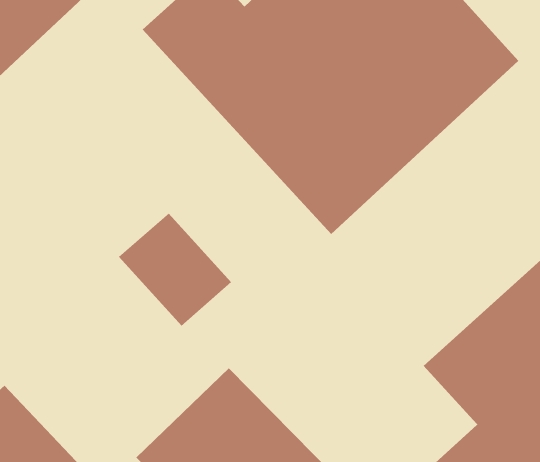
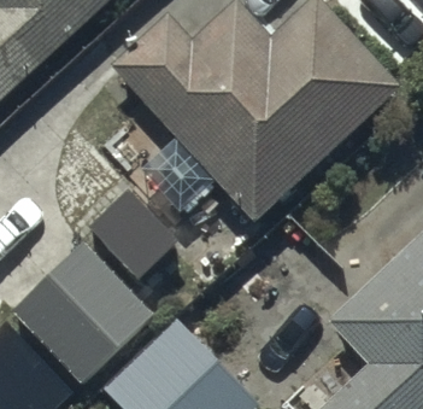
building: none -> [11,246,151,386]

